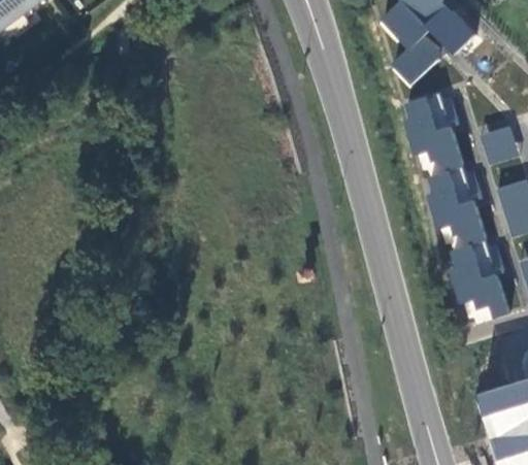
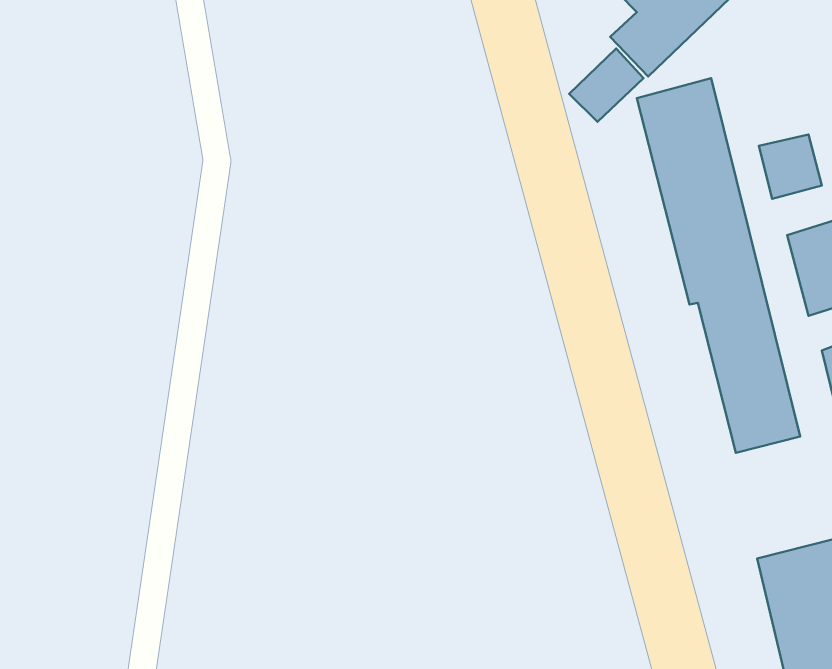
building: none -> [569,49,643,122]

